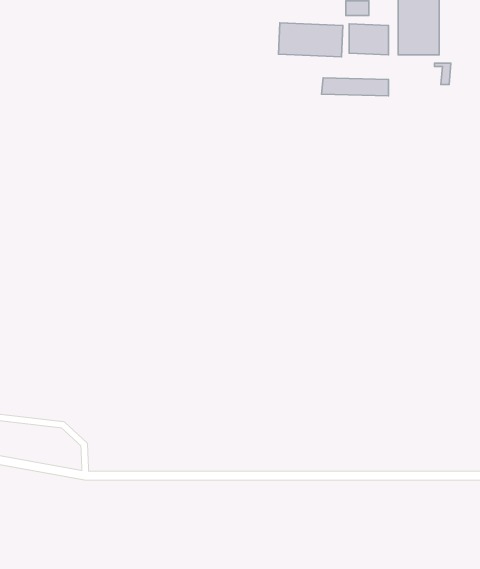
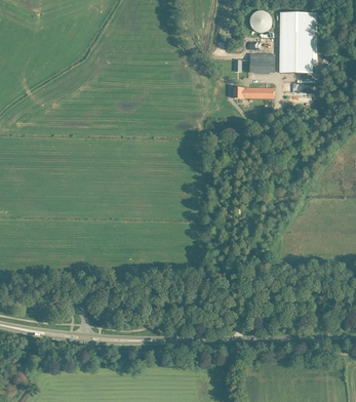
building: [278,23,343,57] -> none

